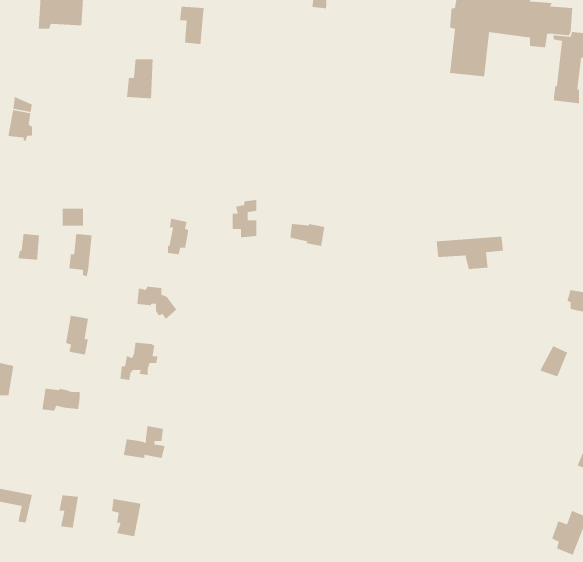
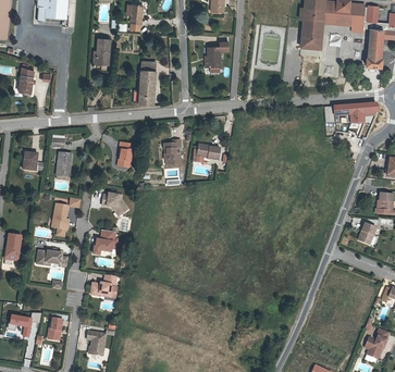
building: none -> [203,42,230,67]
building: none -> [139,61,158,103]
building: [436,236,504,270] -> [331,103,374,125]

